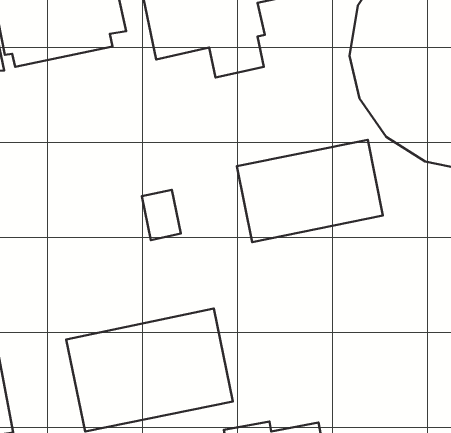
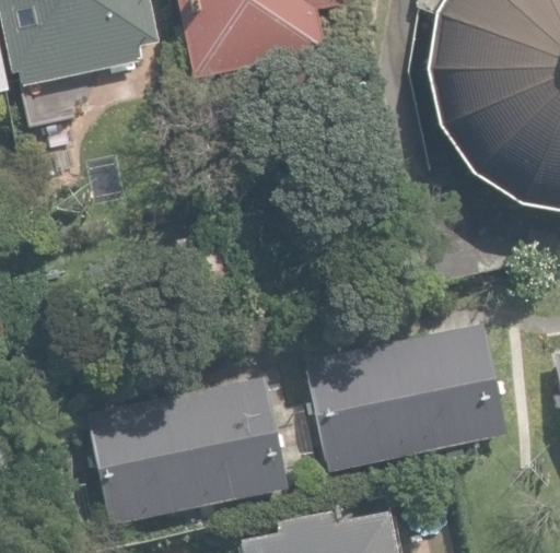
building: [237,140,383,242] -> none
building: none -> [306,321,506,469]

